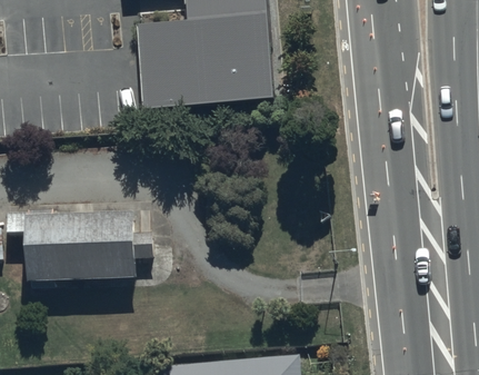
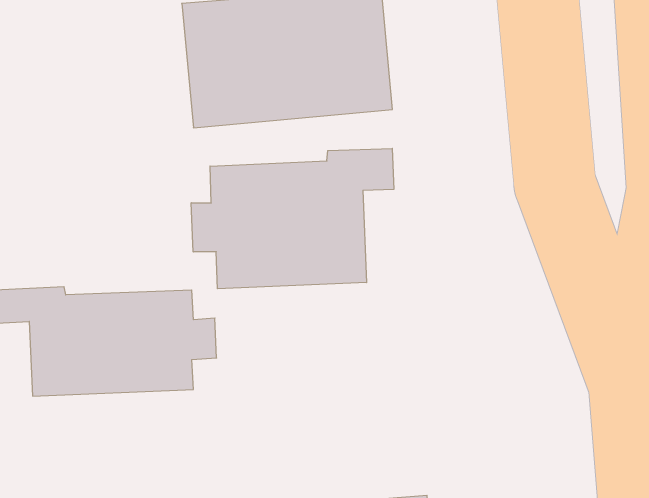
building: none -> [191,148,394,289]

